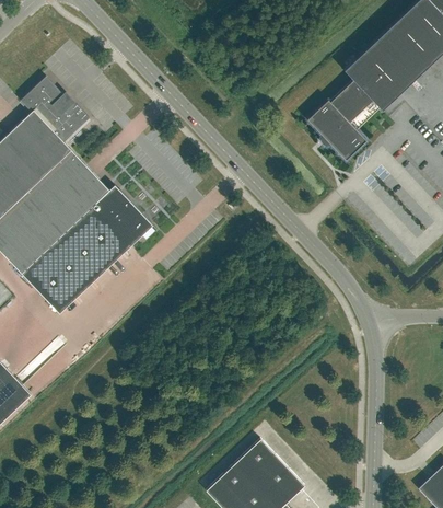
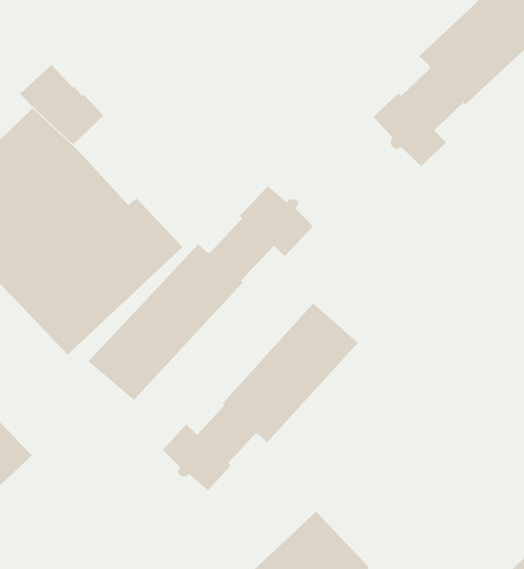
building: none -> [88,185,314,401]
building: none -> [162,302,359,491]

